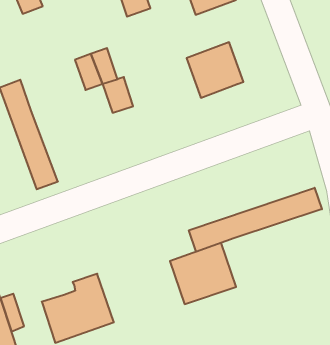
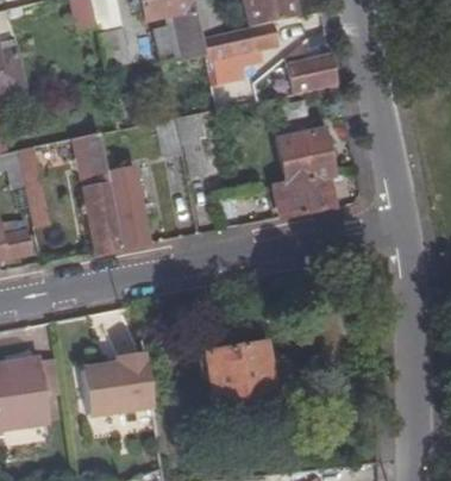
building: none -> [271,175,331,218]
building: none -> [102,163,144,248]
building: [189,188,322,252] -> none

